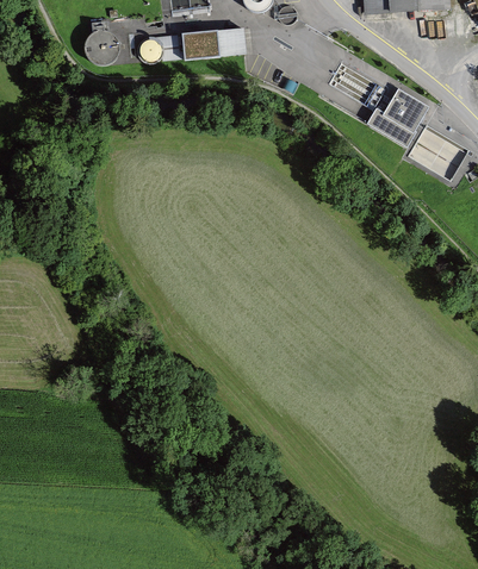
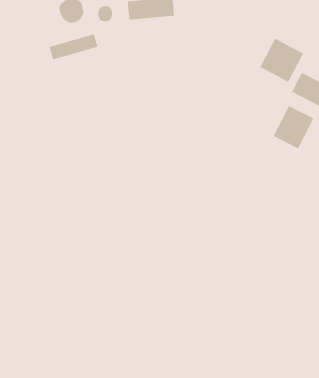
building: none -> [49,34,98,60]
building: none -> [273,105,314,149]

